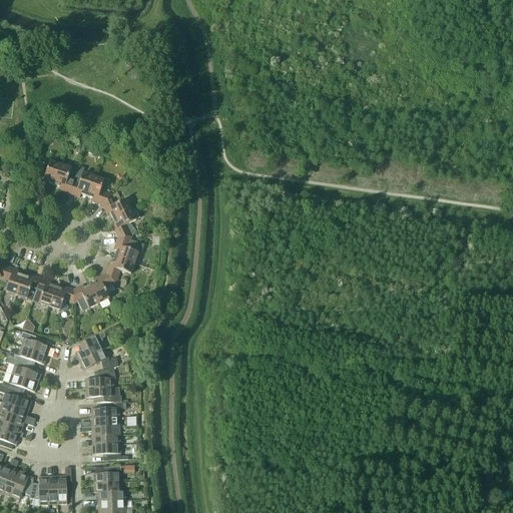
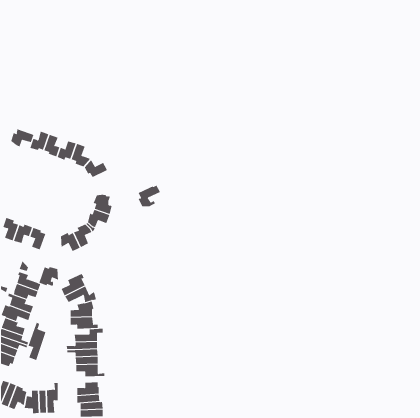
building: none -> [10,128,34,147]
building: [112,206,140,233] -> [138,185,161,207]
building: [49,285,74,309] -> [38,266,59,286]
building: none -> [28,322,46,361]

